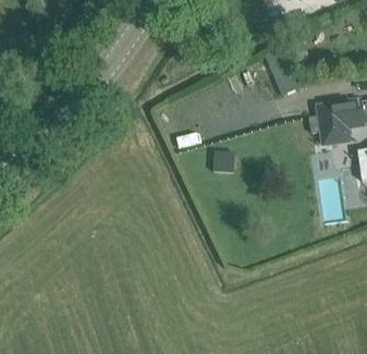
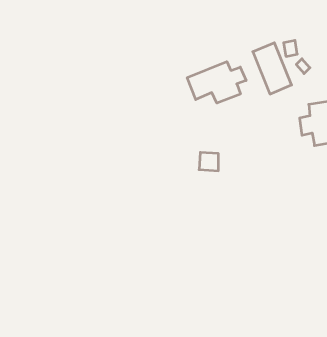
building: none -> [187,62,246,103]

